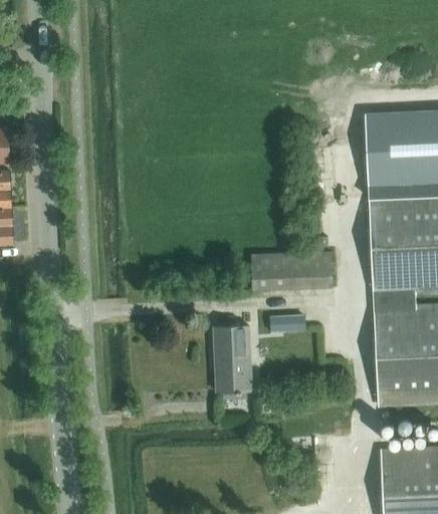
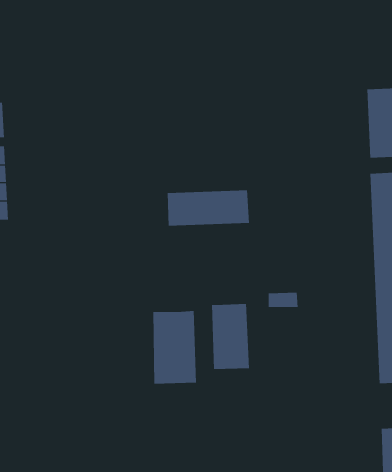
building: [249,252,332,288] -> [167,190,250,226]
building: none -> [153,310,196,384]

